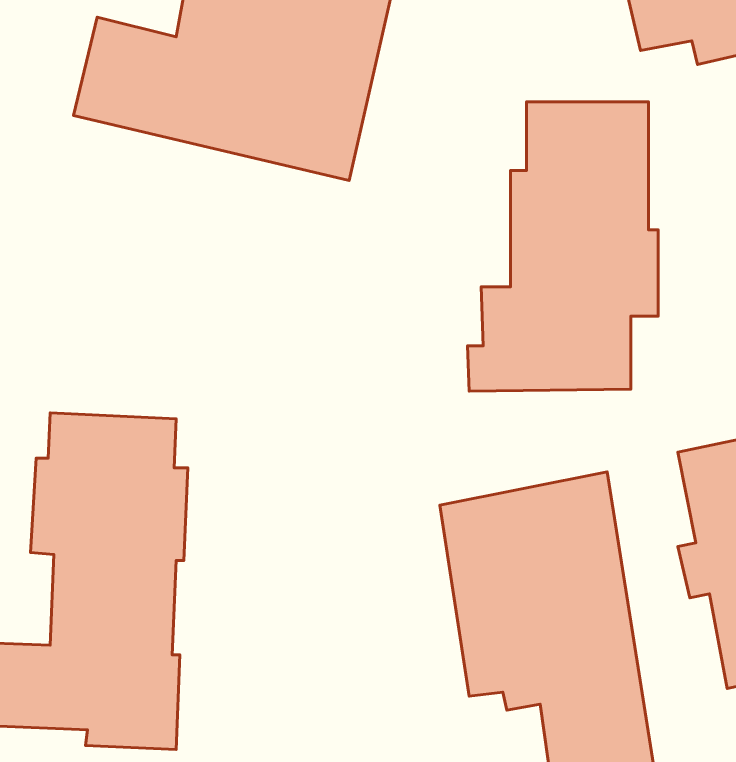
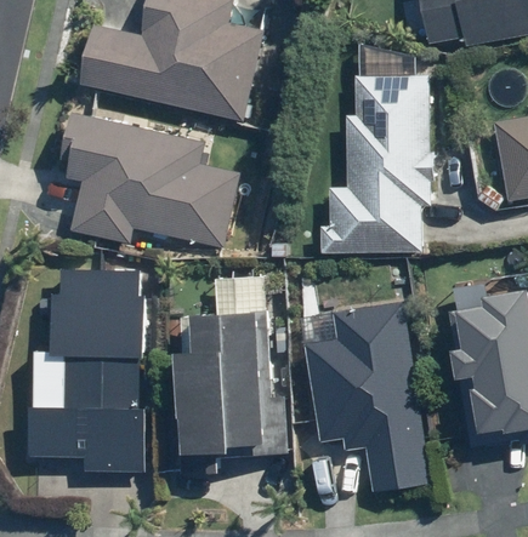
building: none -> [63,110,238,250]
building: none -> [174,278,288,455]

